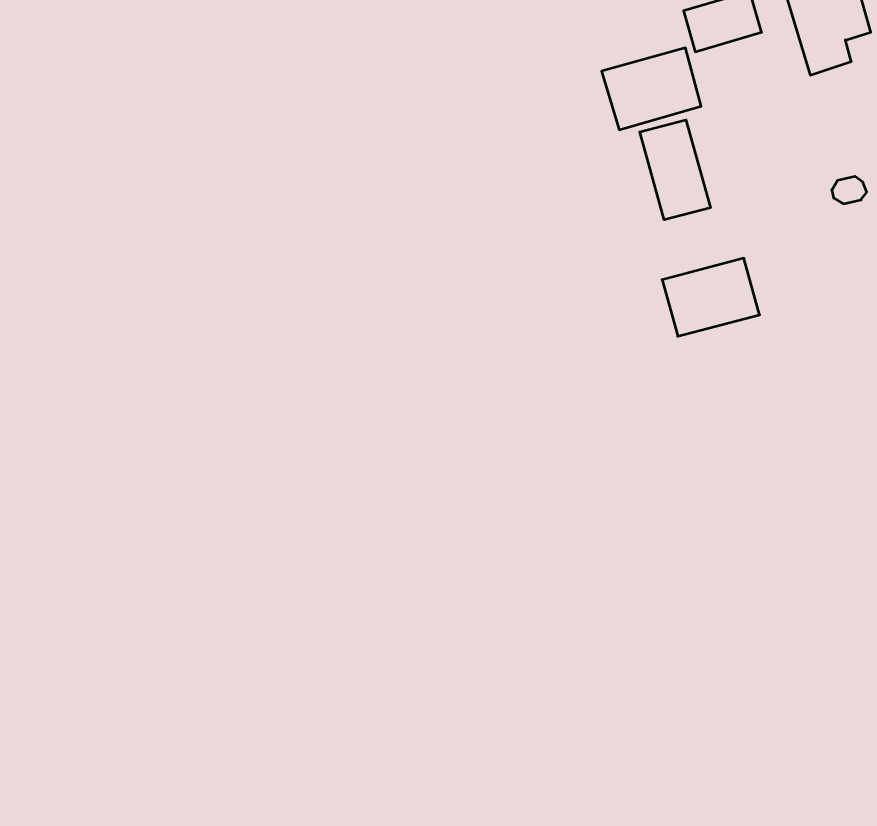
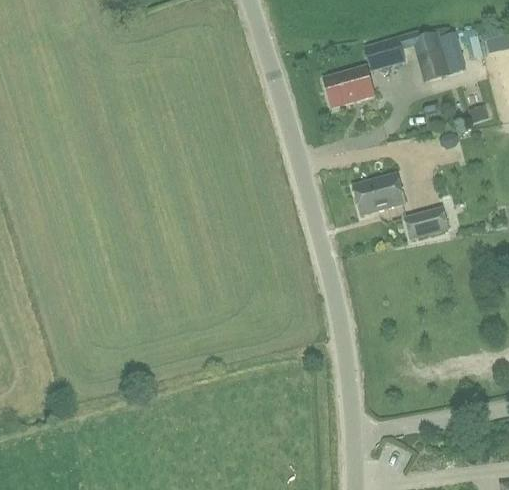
building: [640,120,710,220] -> none
building: none -> [402,205,449,240]

